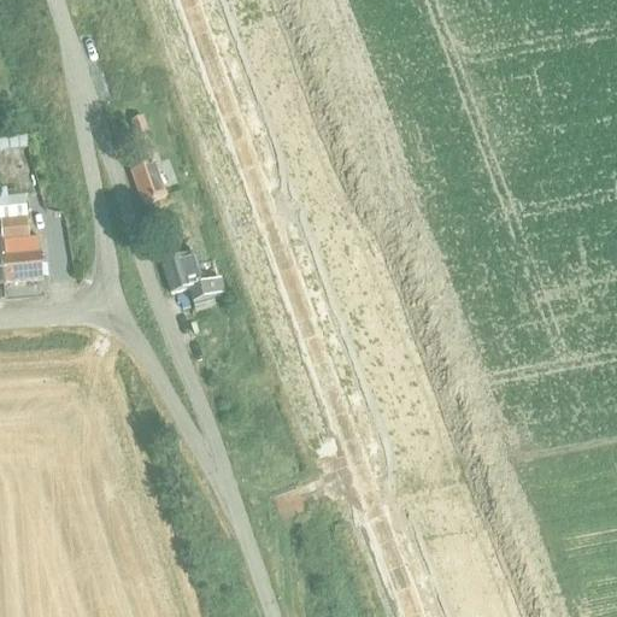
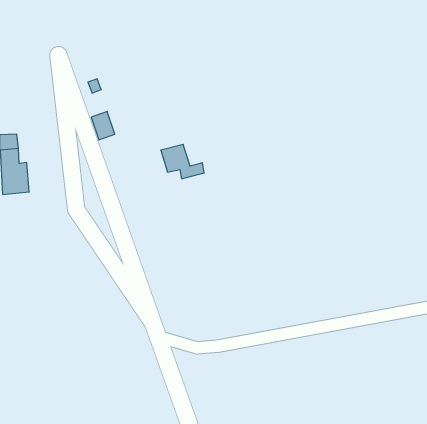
building: [160,251,223,300] -> [161,144,204,179]

